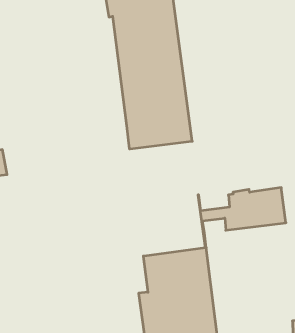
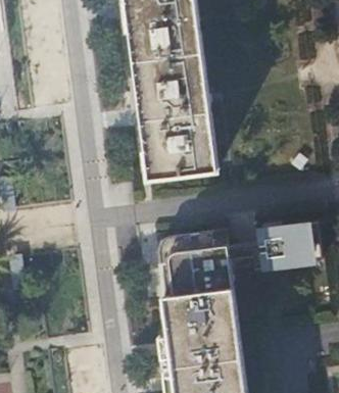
building: none -> [158,232,233,299]

